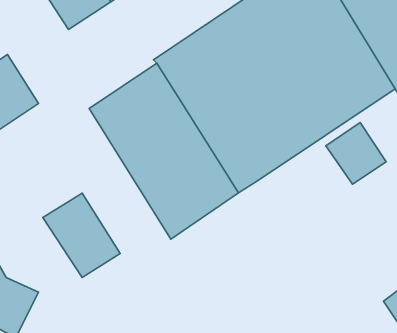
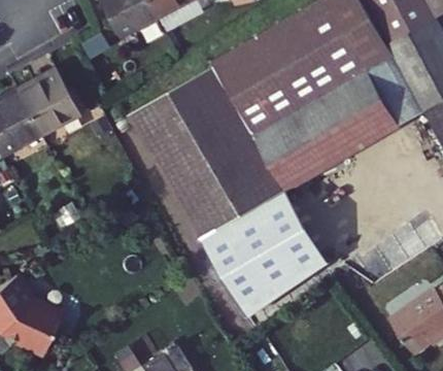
building: [326,123,386,184] -> none
building: none -> [199,196,325,319]
building: [43,193,120,278] -> none

